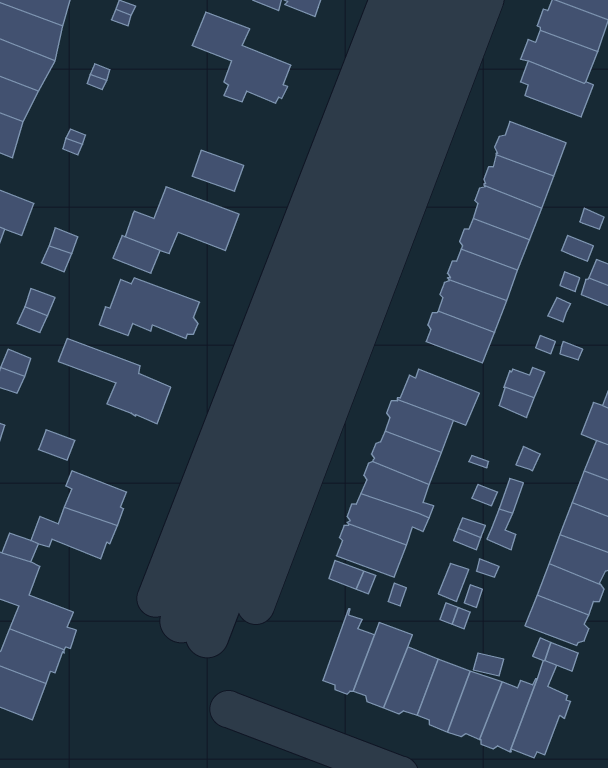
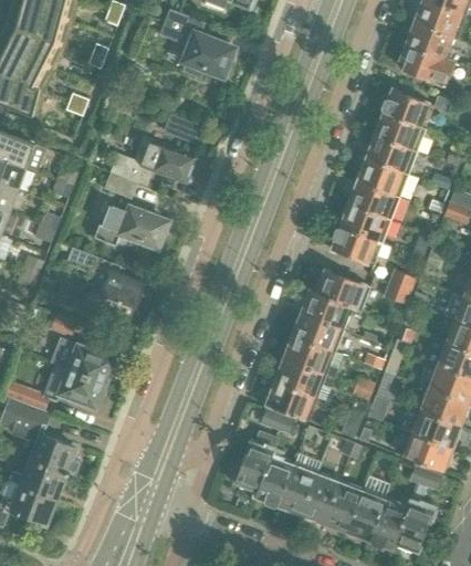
building: none -> [234,430,276,496]

